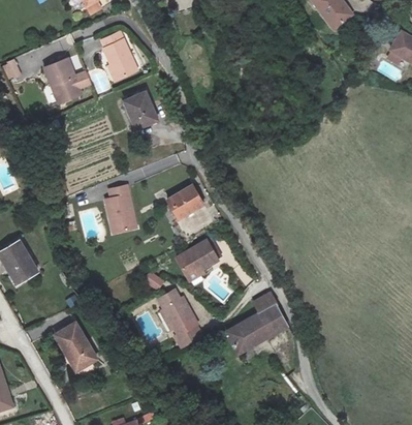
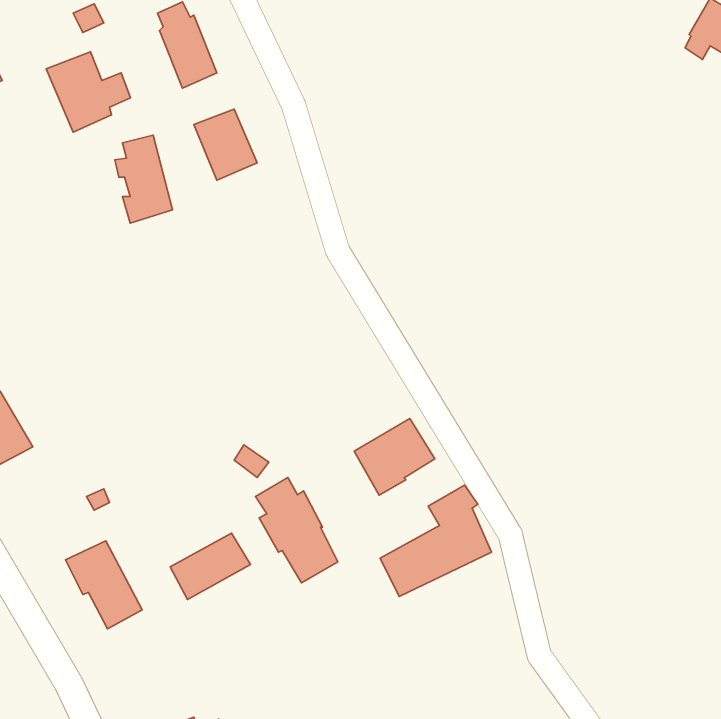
building: [166,184,204,219] -> none
building: [105,187,136,235] -> [115,135,172,223]
building: [176,240,219,281] -> [354,418,435,495]
building: none -> [170,533,251,599]

